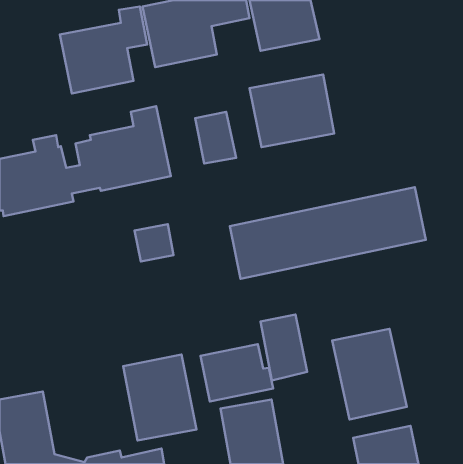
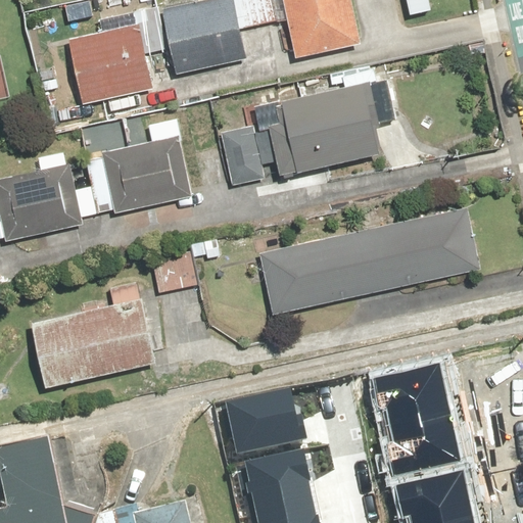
building: none -> [30,281,155,388]
building: [261,314,307,380] -> none
building: [123,355,196,440] -> none

